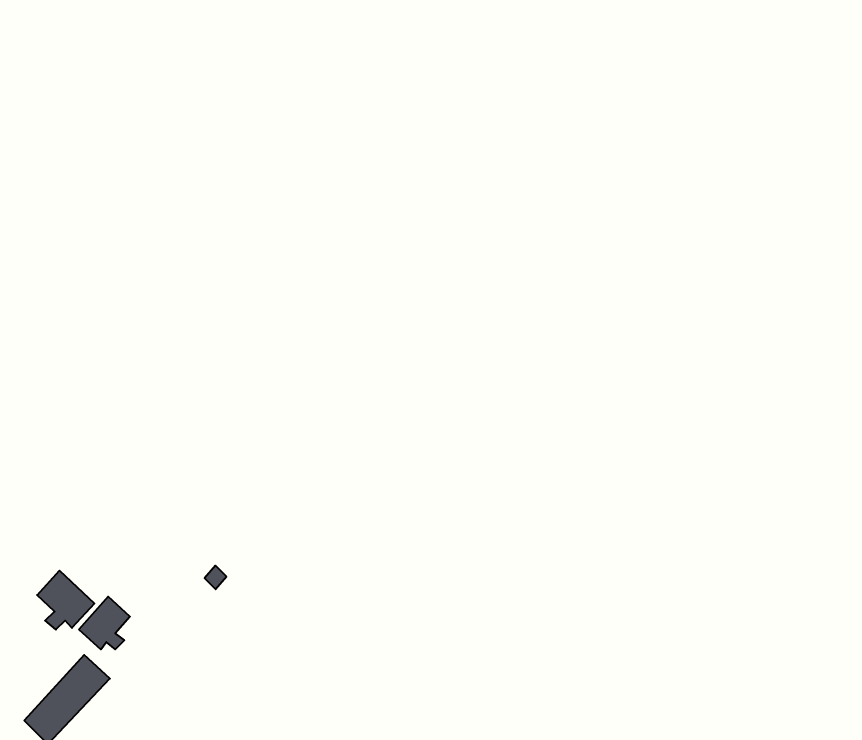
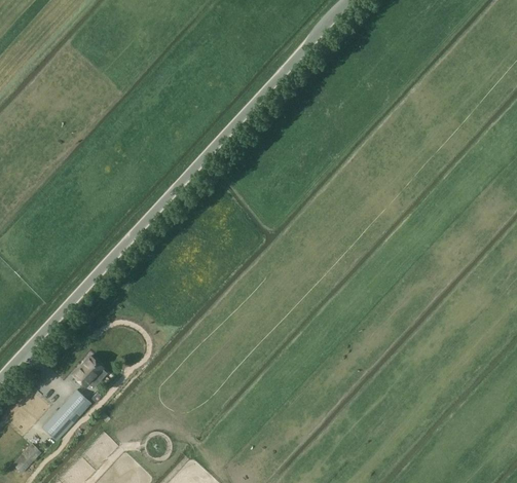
building: [37,571,94,630] -> none

